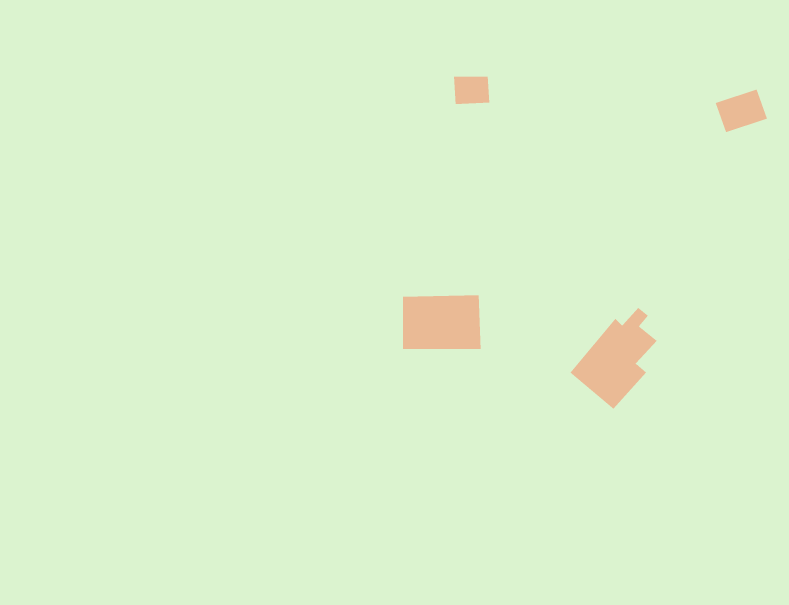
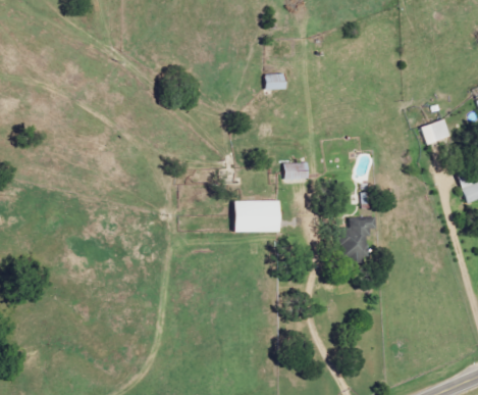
building: [715,89,768,133] -> [419,118,449,144]
building: none -> [283,162,309,181]

